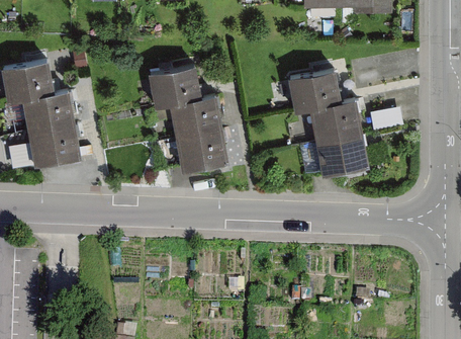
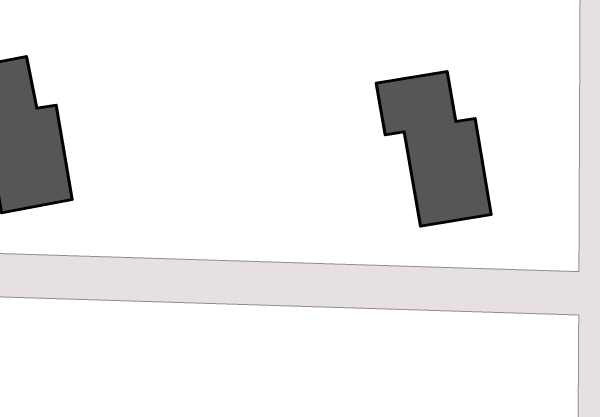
building: [149,66,228,172] -> none

